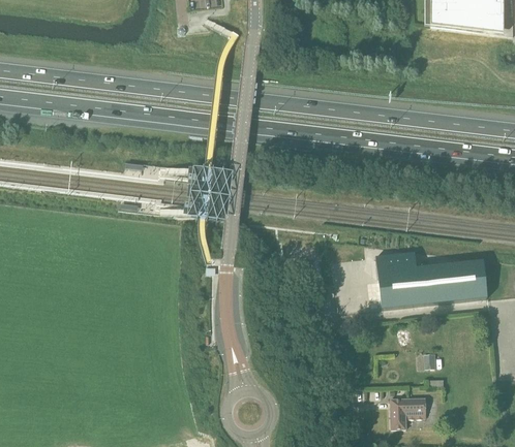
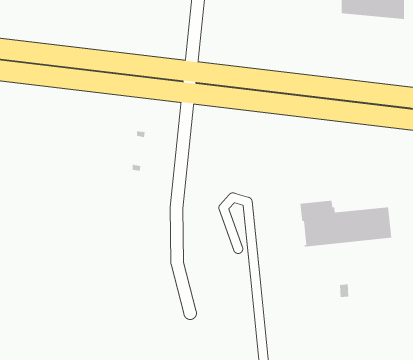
building: [391,397,425,428] -> none

